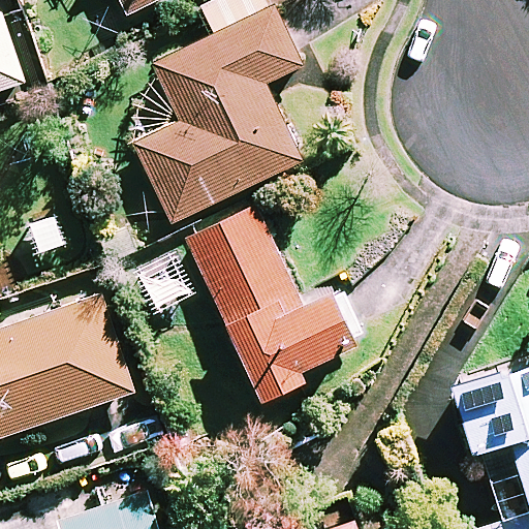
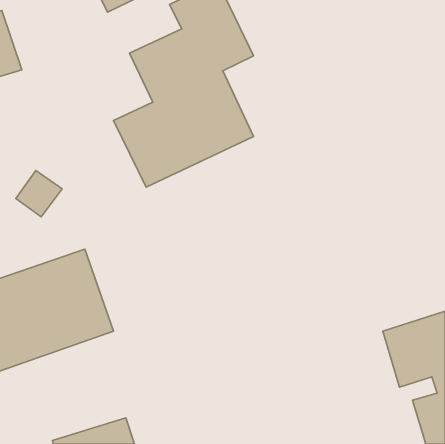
building: [186,207,353,404] -> none

